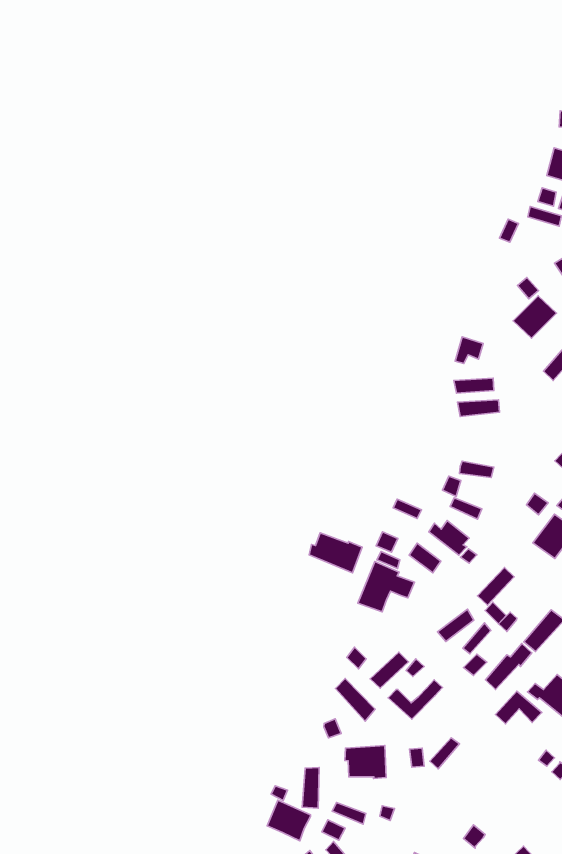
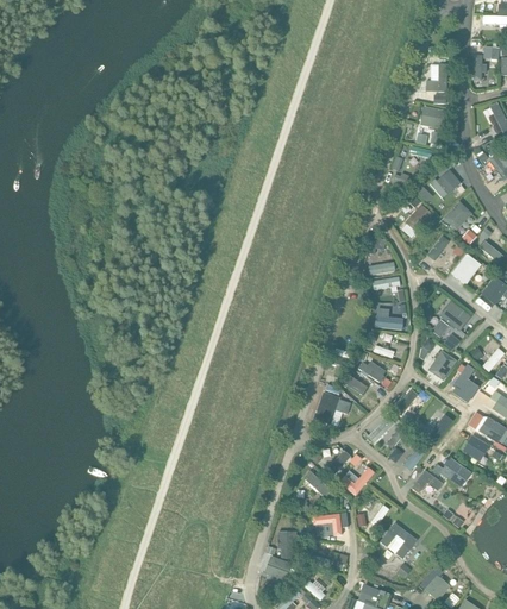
building: [309,533,362,573] -> none
building: none -> [380,522,417,558]

